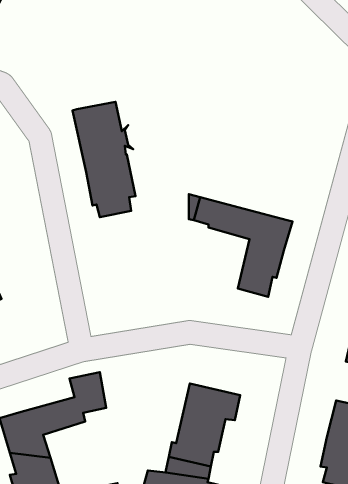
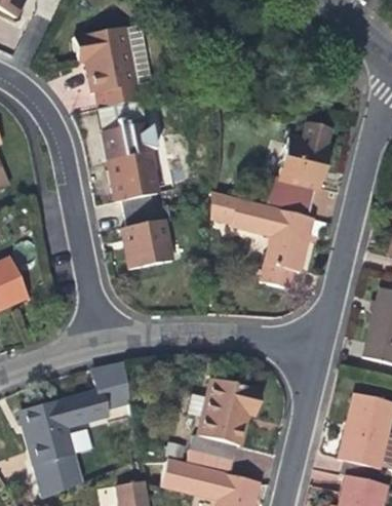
building: none -> [74,26,150,109]
building: none -> [265,125,330,218]
building: none -> [121,205,172,270]

